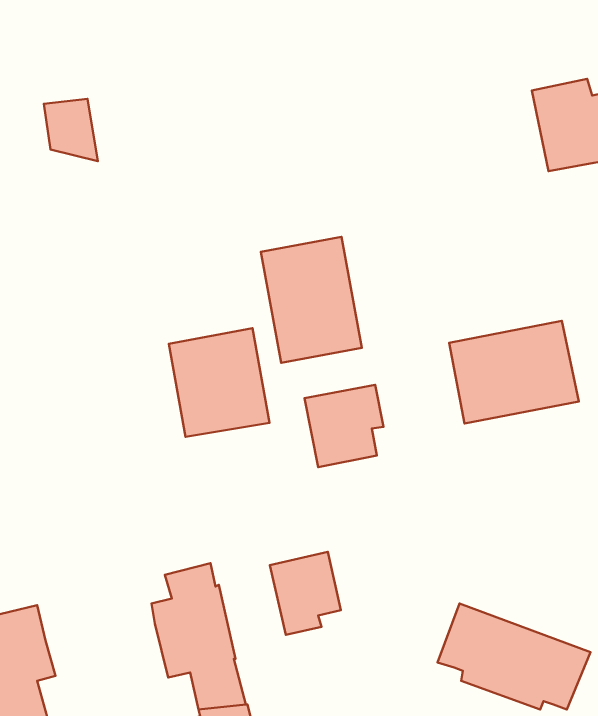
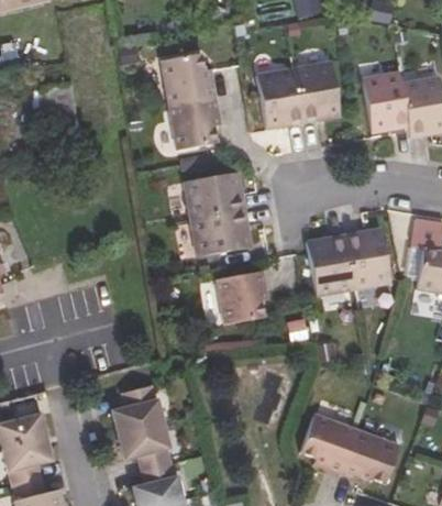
building: none -> [161,55,219,150]
building: none -> [257,59,343,127]
building: [169,328,270,437] -> none
building: [270,552,341,635] -> none

